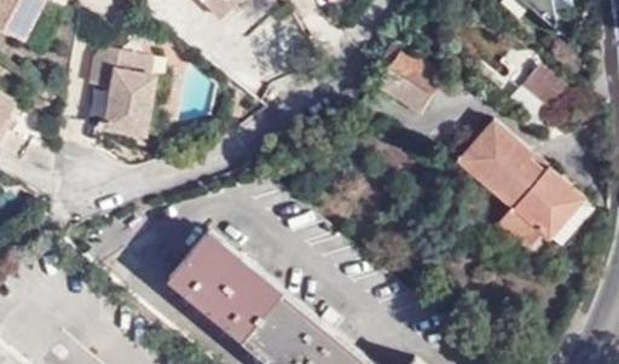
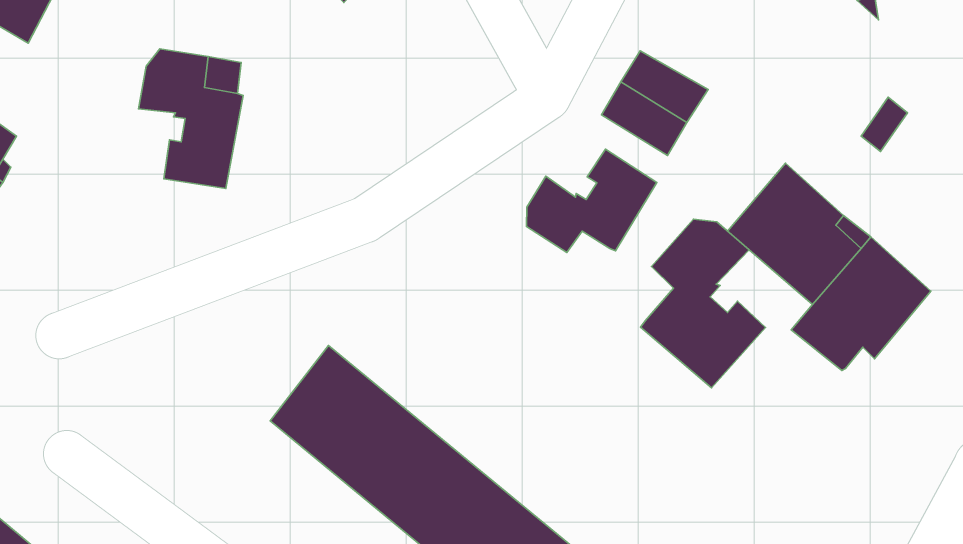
building: none -> [527,149,657,253]
building: none -> [641,219,766,388]

